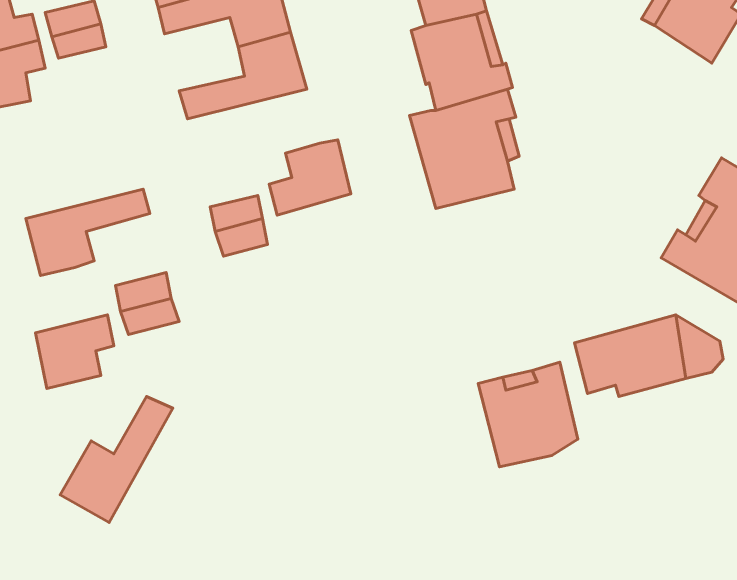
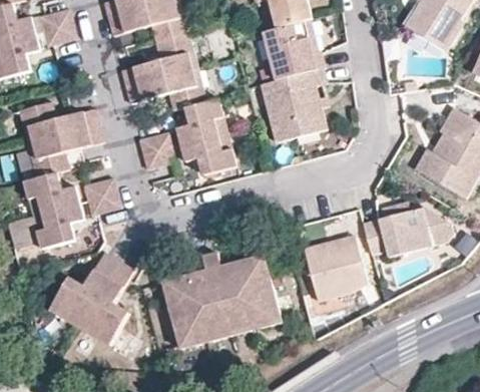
building: none -> [125,65,206,107]
building: none -> [18,104,98,144]
building: none -> [180,129,234,171]
building: none -> [23,174,76,215]
building: none -> [160,250,280,347]
building: none -> [77,261,130,348]

